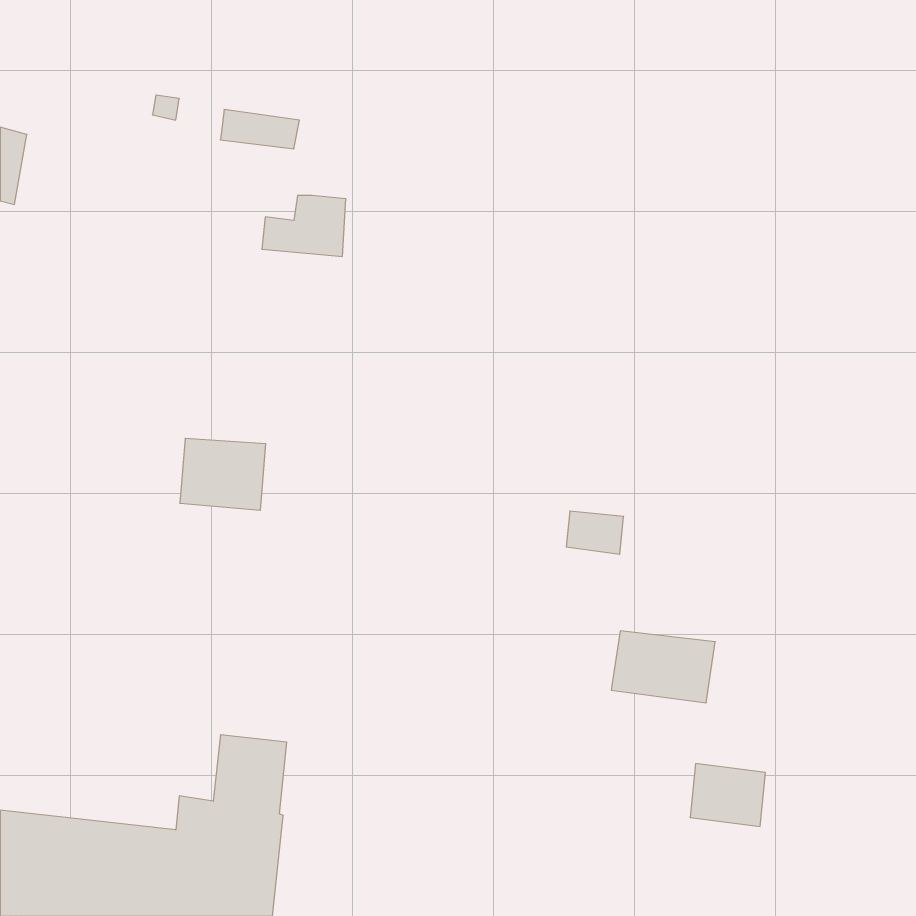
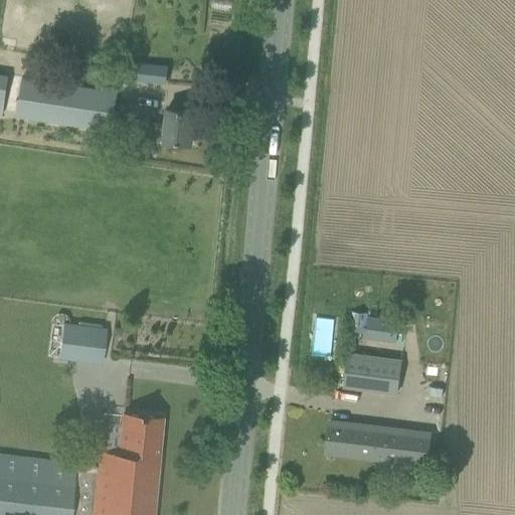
building: none -> [18,76,120,129]
building: [180,438,266,510] -> [60,322,109,362]
building: [566,511,624,554] -> [365,318,397,342]
building: none -> [326,421,390,459]

